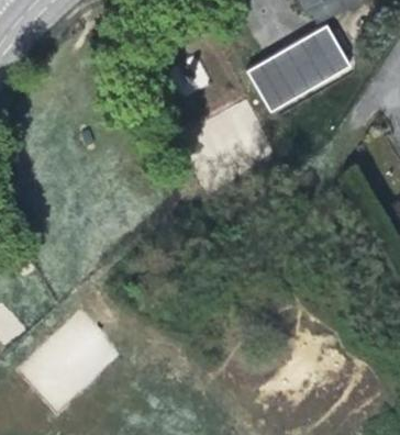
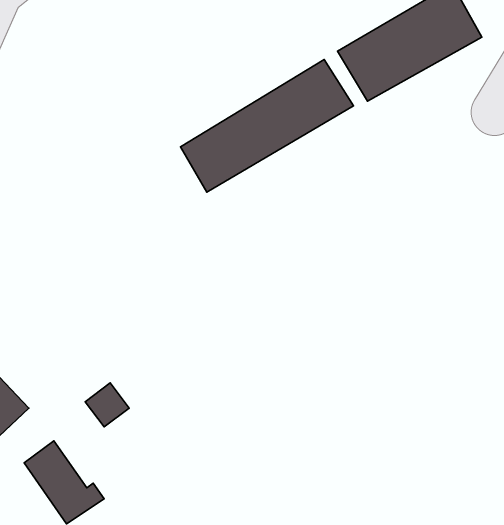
building: none -> [181,60,353,192]

